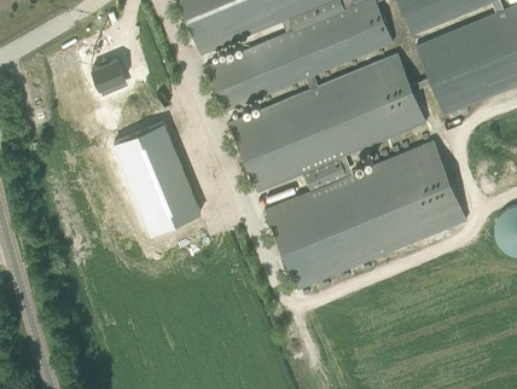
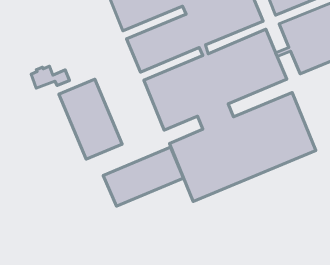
building: [92,57,145,87] -> [31,66,70,88]
building: none -> [103,147,184,206]

